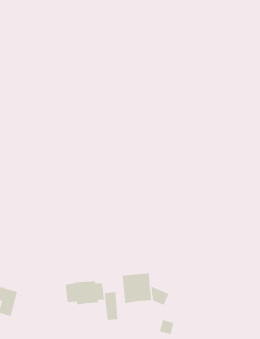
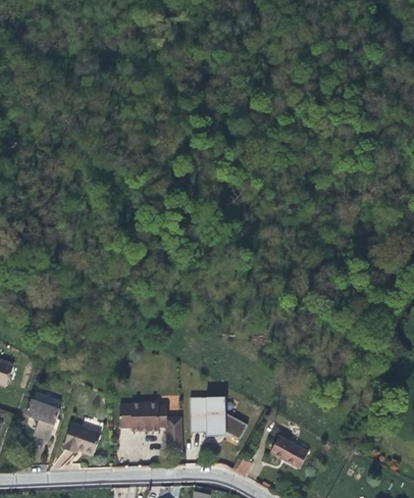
building: none -> [62,422,100,454]
building: none -> [274,439,312,471]

